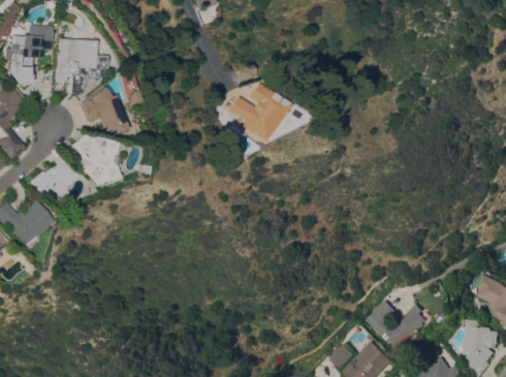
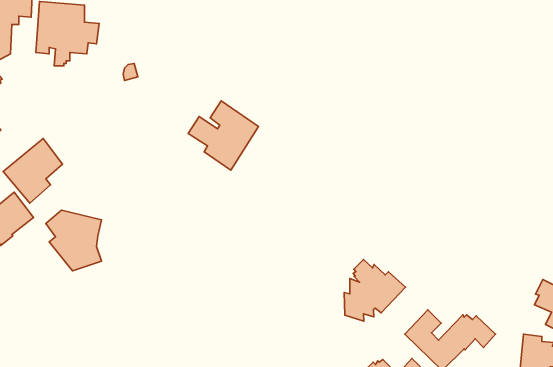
building: [229,83,289,142] -> [188,101,259,170]
building: [77,85,126,134] -> none
building: [69,133,117,185] -> [46,210,101,271]
building: none -> [344,260,405,321]

